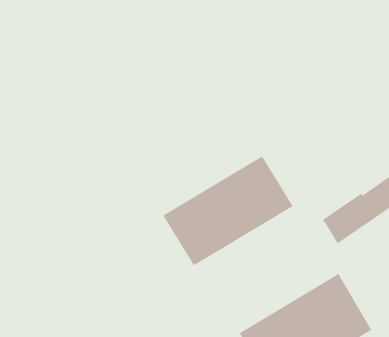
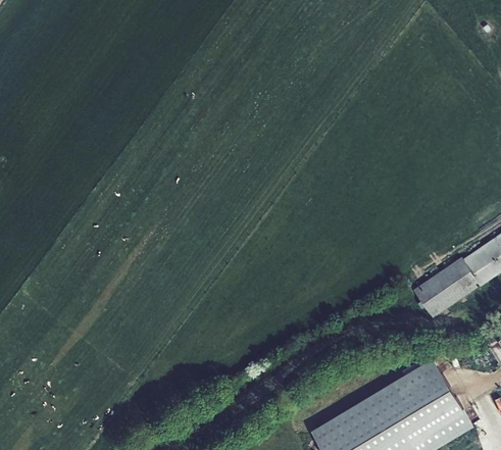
building: [162,155,294,266] -> none

